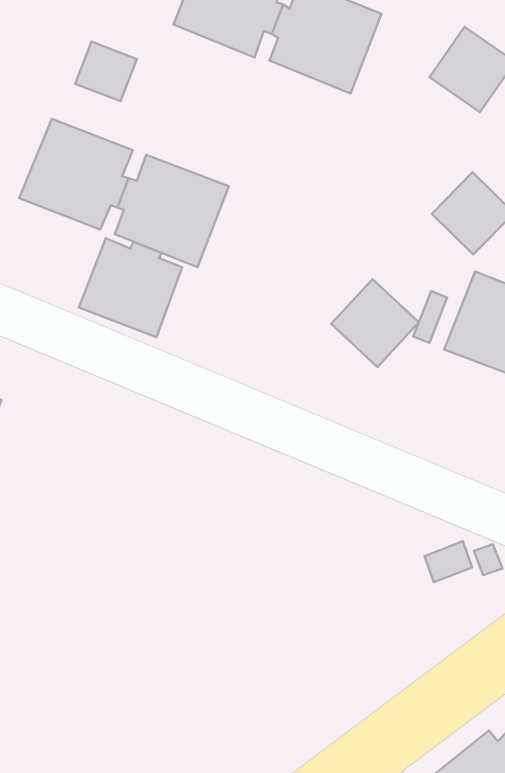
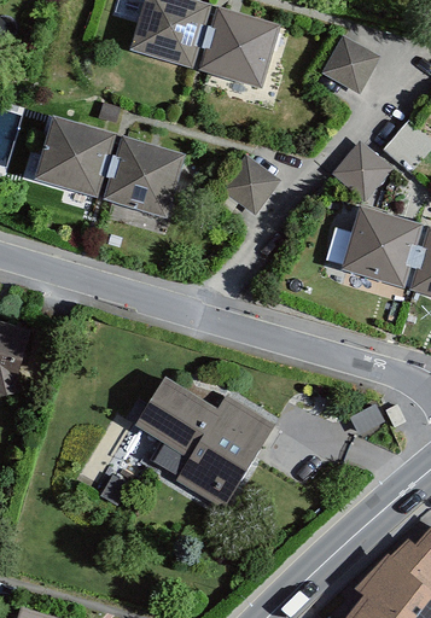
building: [75,42,137,101] -> none
building: [79,238,182,337] -> none
building: [331,279,419,367] -> [216,151,279,214]
building: none -> [132,379,274,508]

